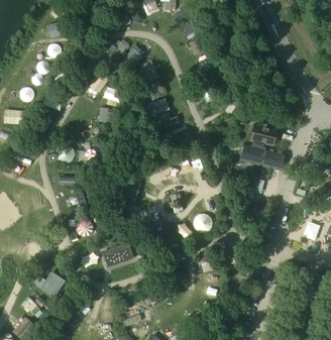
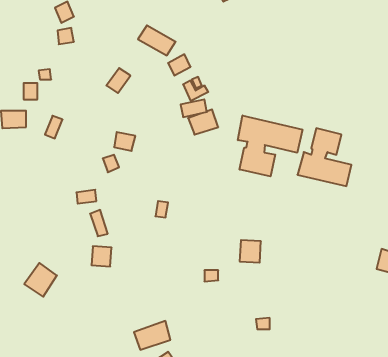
building: none -> [238,115,302,176]
building: [104,243,133,266] -> [134,321,170,350]
building: [39,269,66,297] -> [24,263,57,297]

